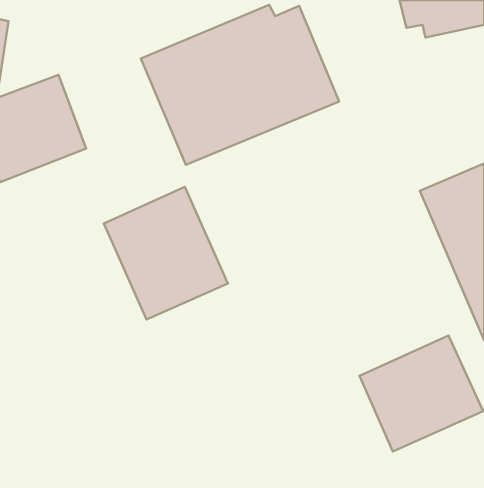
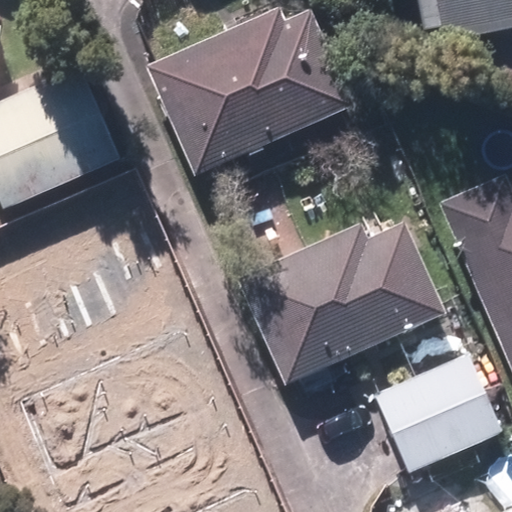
building: [104,187,228,319] -> none
building: none -> [240,220,449,386]

